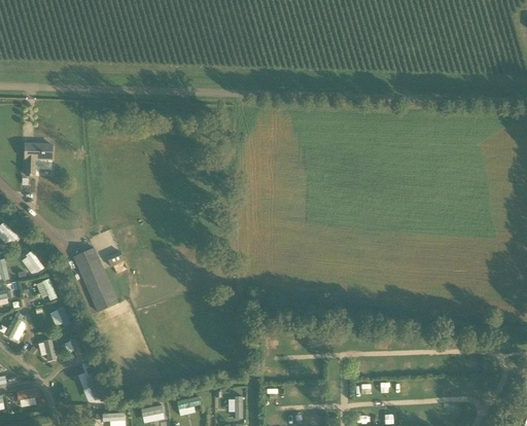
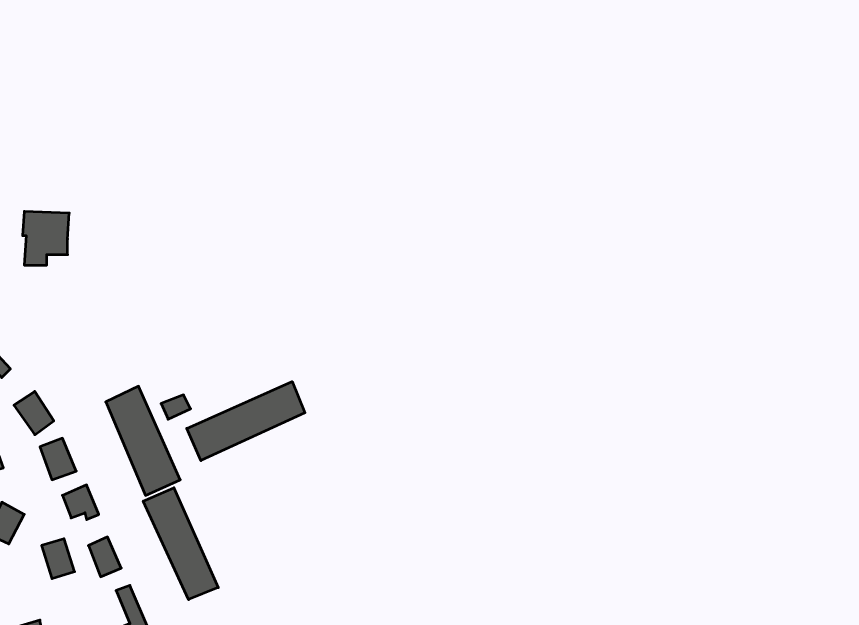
building: none -> [187,382,305,461]
building: none -> [143,488,218,600]

